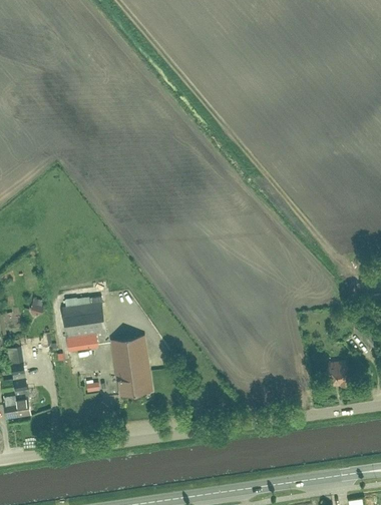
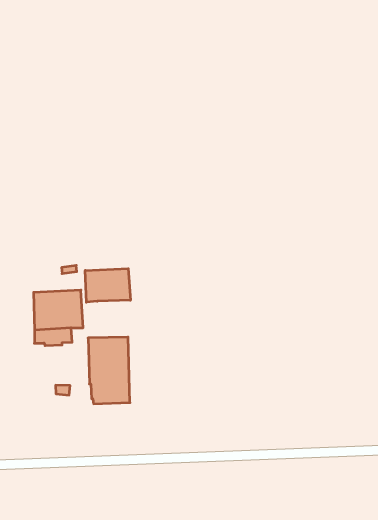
building: none -> [85,269,130,302]
building: [328,362,349,386] -> none

